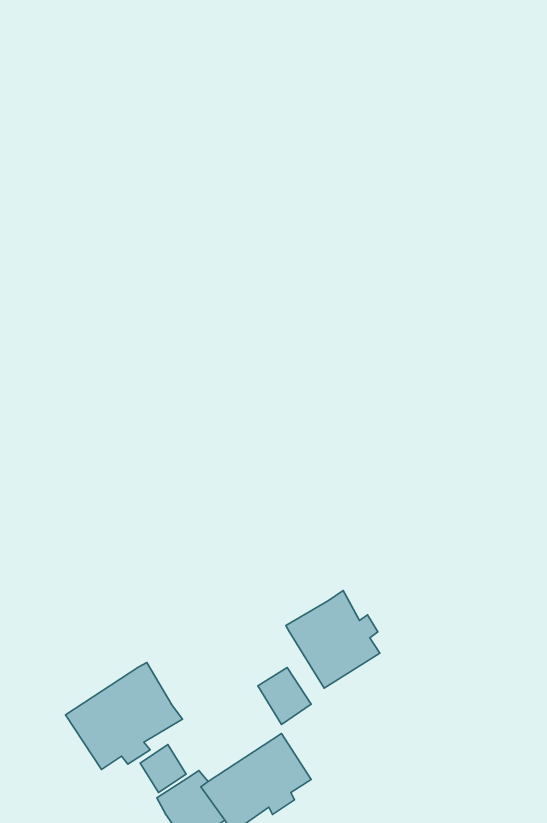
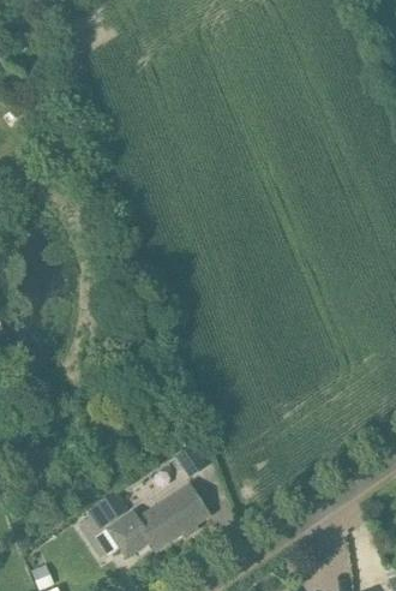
building: [286,591,380,688] -> none
building: [65,662,182,770] -> none

